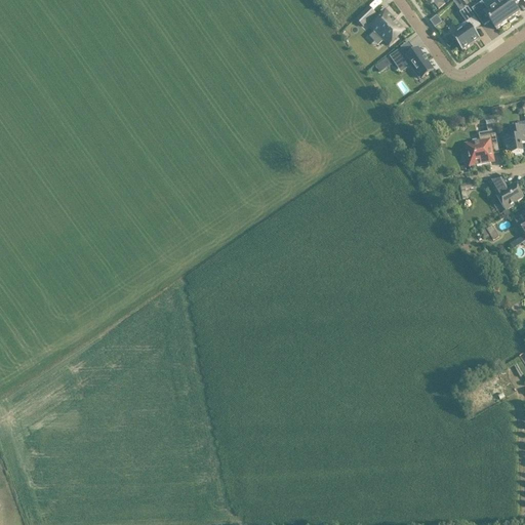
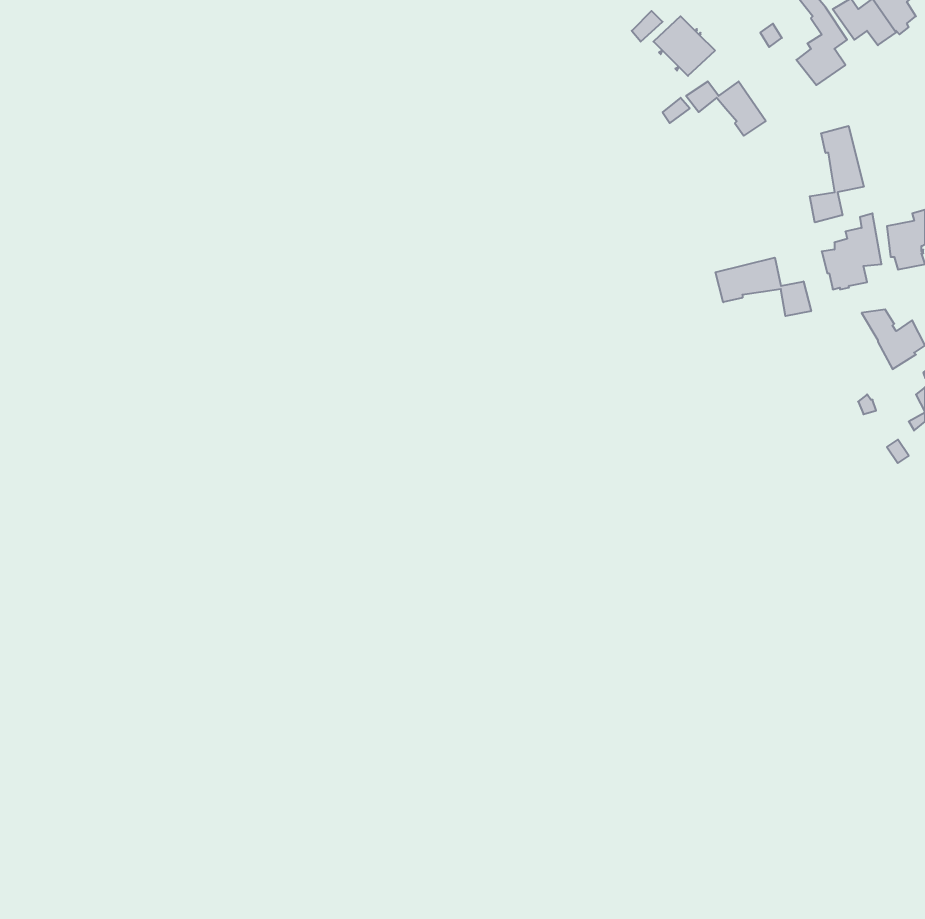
building: none -> [810,126,864,222]
building: none -> [715,258,811,316]

